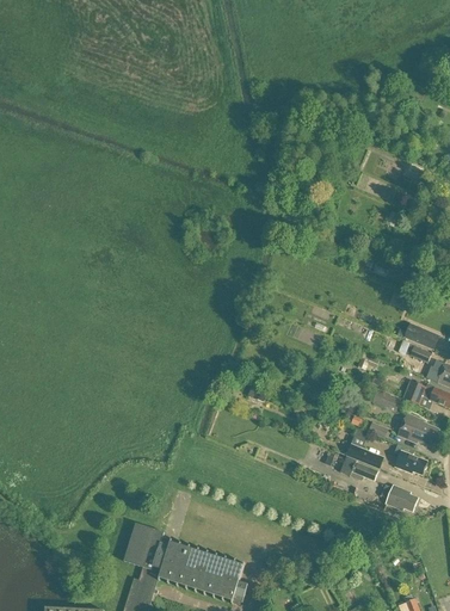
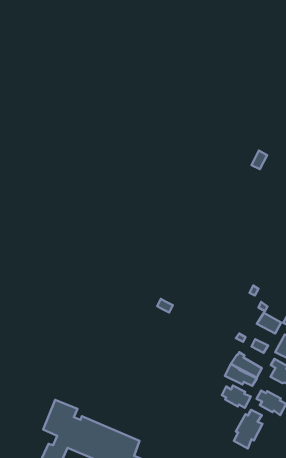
building: none -> [222,386,251,408]
building: none -> [234,410,263,448]

